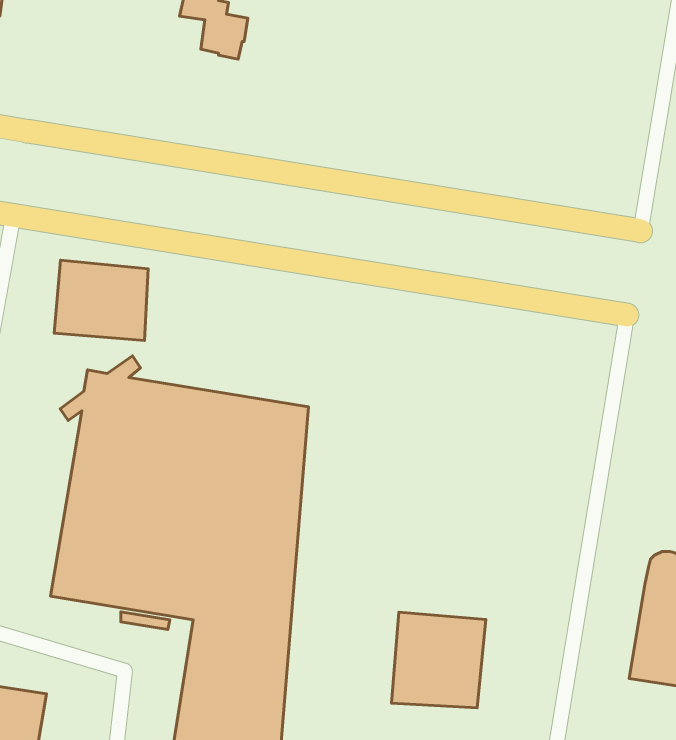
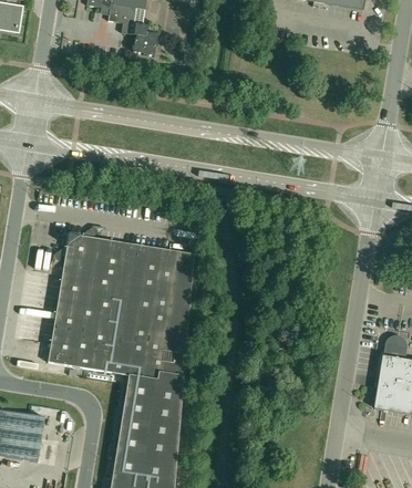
building: [54,260,148,340] -> none
building: [391,612,486,708] -> none

